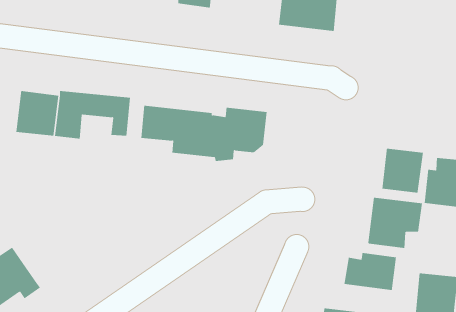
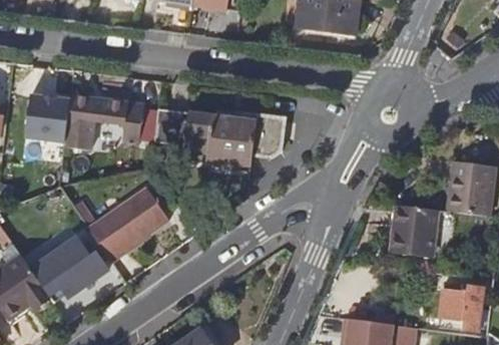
building: [382,148,423,193] -> none
building: none -> [88,188,169,260]
building: none -> [30,237,108,297]
building: [344,252,396,291] -> none

